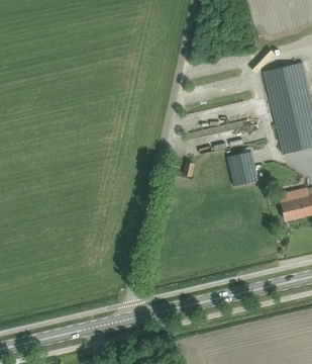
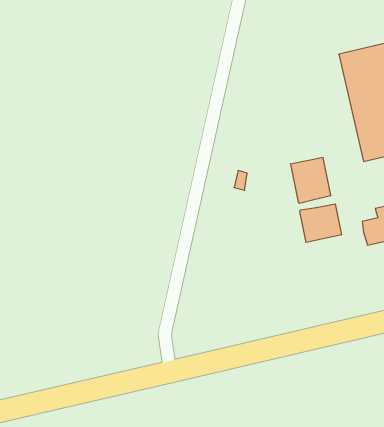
building: none -> [300,204,341,242]

